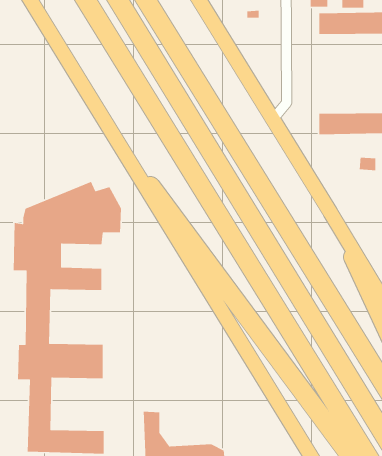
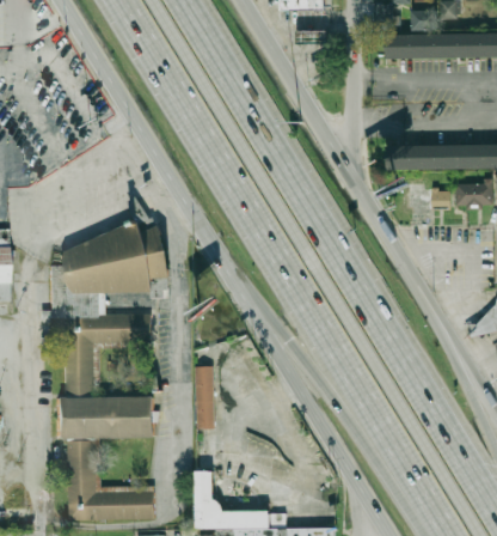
building: none -> [195,365,216,427]

